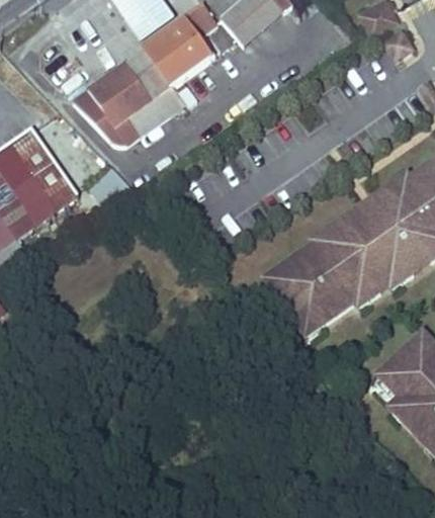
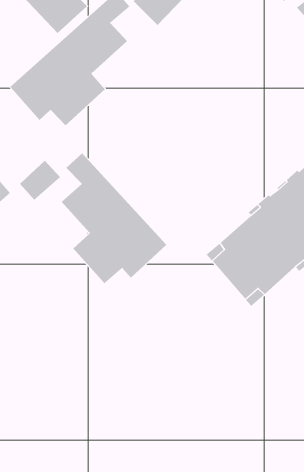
building: none -> [61,152,167,284]

